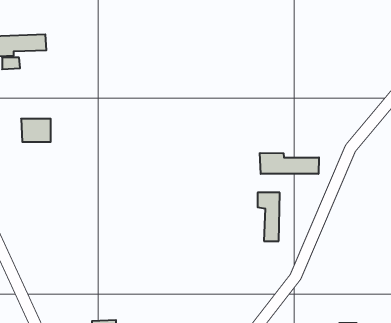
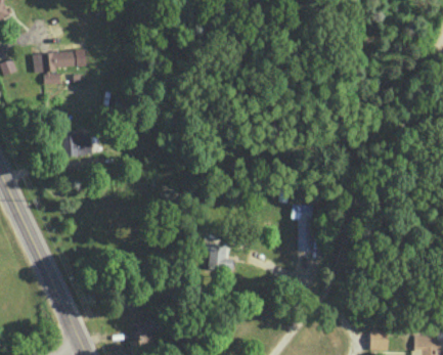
building: [260,153,319,174] -> none
building: none -> [202,240,234,273]

